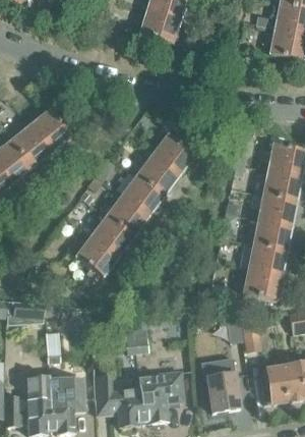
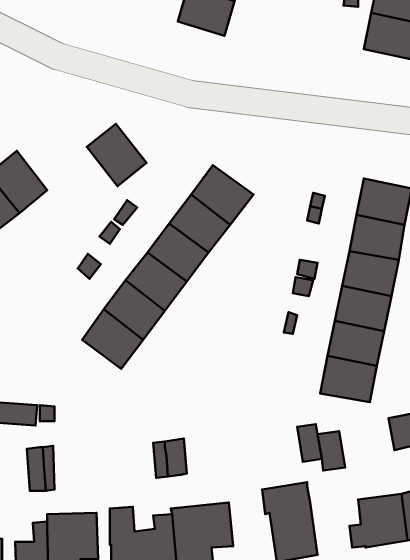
building: [28,108,70,152] -> [87,124,146,186]

